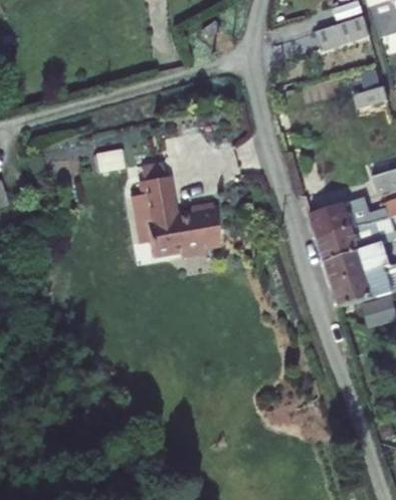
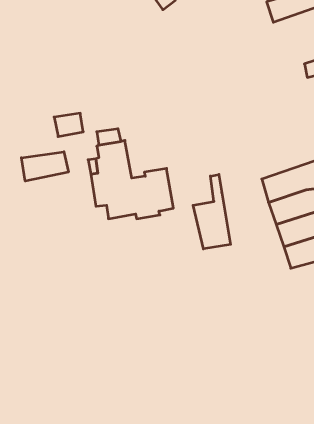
building: none -> [21,152,68,181]
building: none -> [193,174,231,249]

